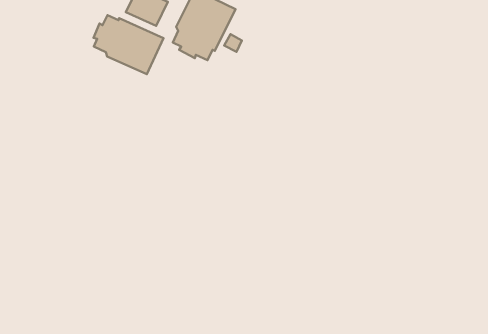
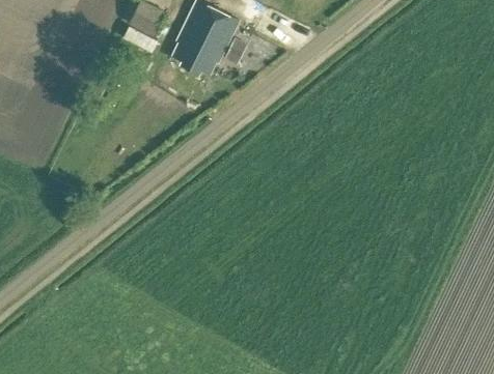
building: [94,15,164,74] -> none

